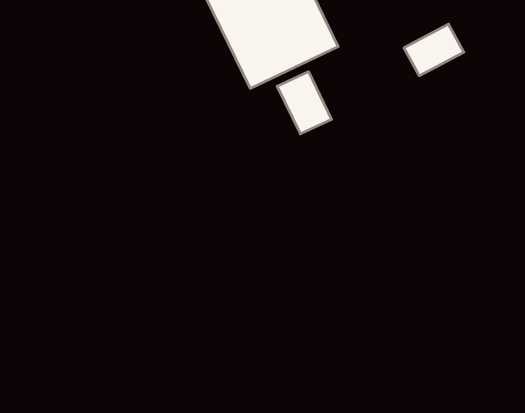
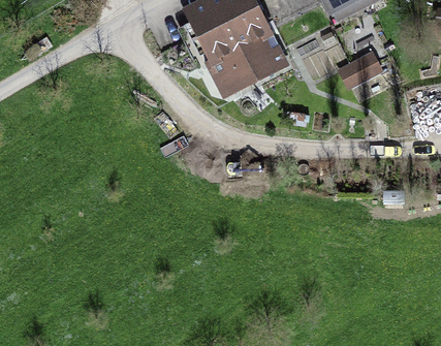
building: [277,72,332,134] -> none

